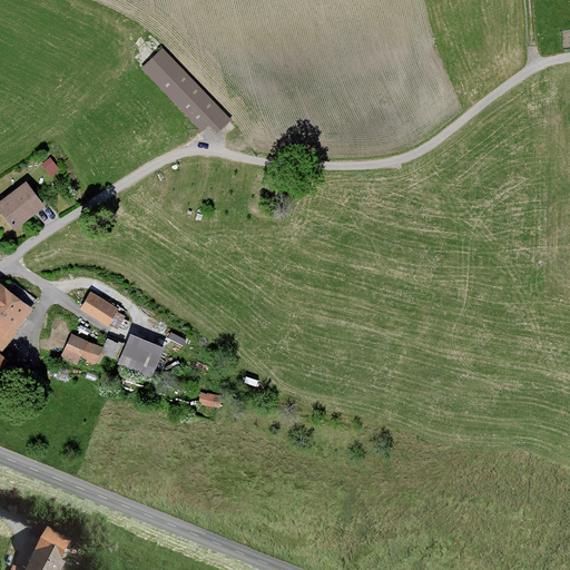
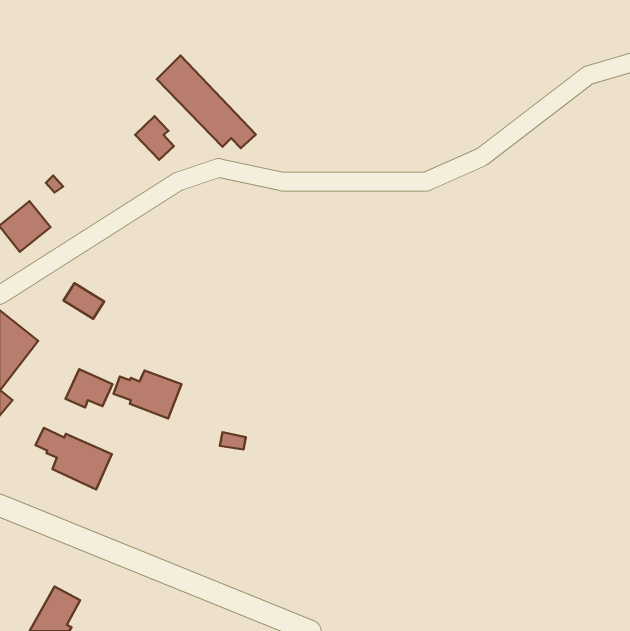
building: none -> [135,116,174,160]
building: [80,293,117,325] -> [63,283,104,319]
building: none -> [36,428,112,490]

